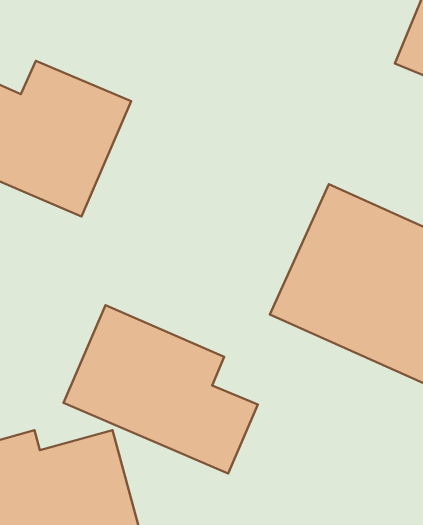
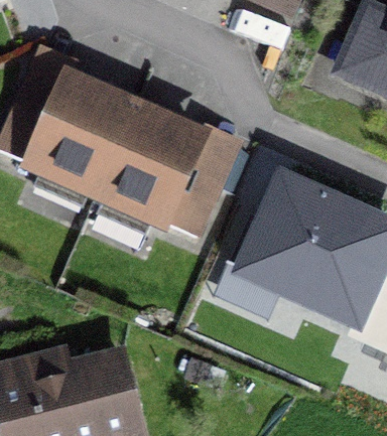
building: none -> [98,106,224,235]
building: [64,305,258,473] -> none

